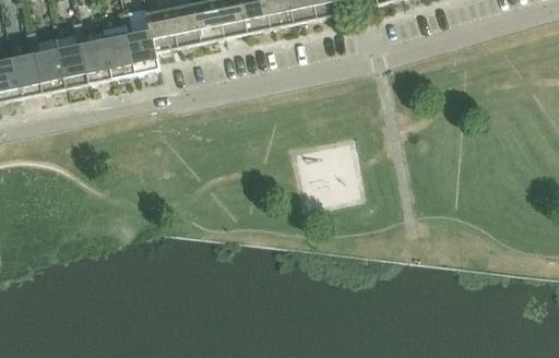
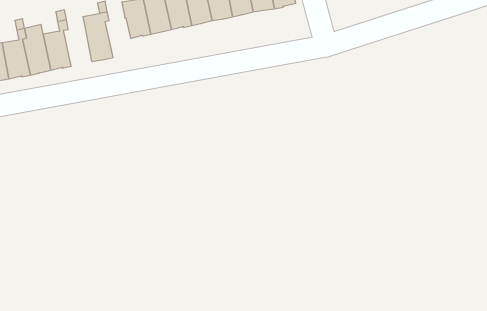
building: [128,28,160,73] -> none
building: [81,38,112,83] -> none

